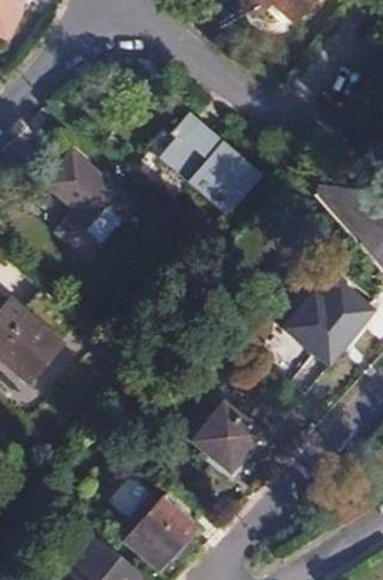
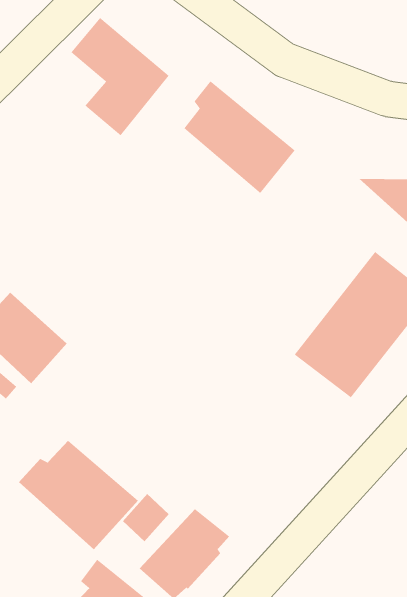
building: [46,155,132,258] -> [70,17,170,136]
building: [194,405,259,472] -> none
building: none -> [18,440,139,550]

